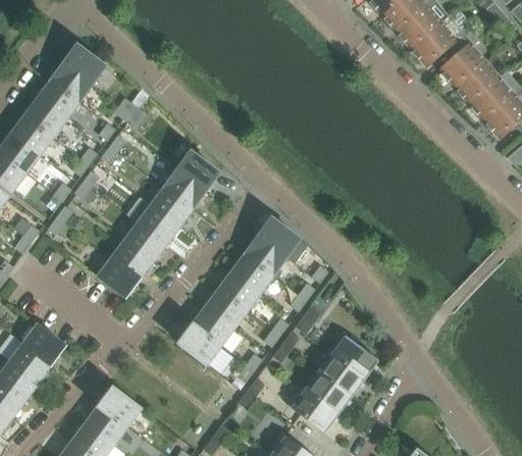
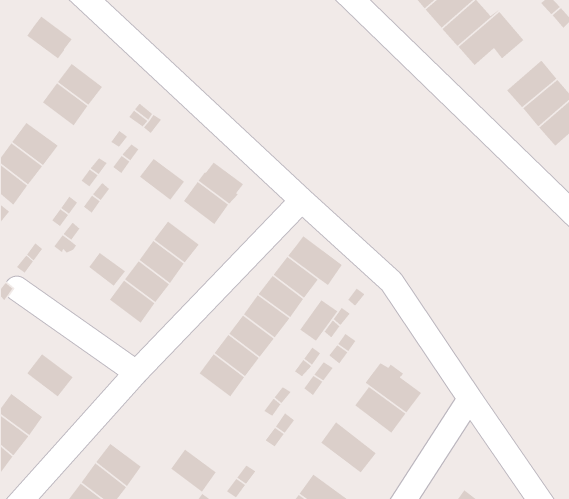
building: [439,42,486,87] -> none
building: [64,44,106,84] -> [26,15,73,60]
building: [23,98,66,137] -> none
building: [151,187,193,225] -> [139,158,185,201]
building: none -> [88,252,126,287]
building: none -> [299,299,338,342]
building: [10,342,52,381] -> none
building: [302,370,352,413] -> none
building: [99,386,141,425] -> [170,449,217,493]

